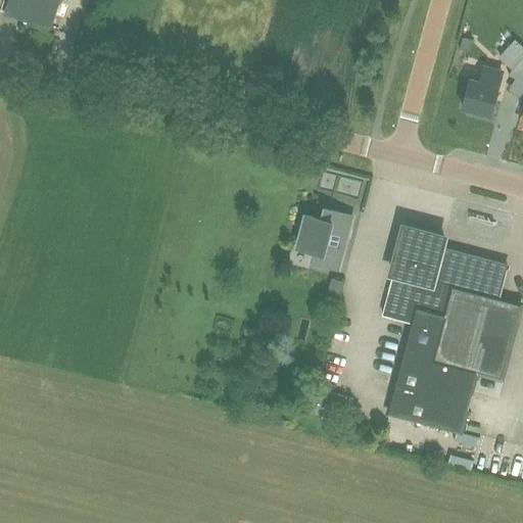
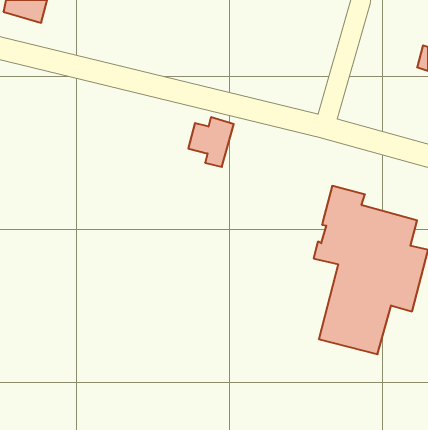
building: [462,65,502,114] -> none
building: [296,207,351,268] -> [188,117,234,167]

